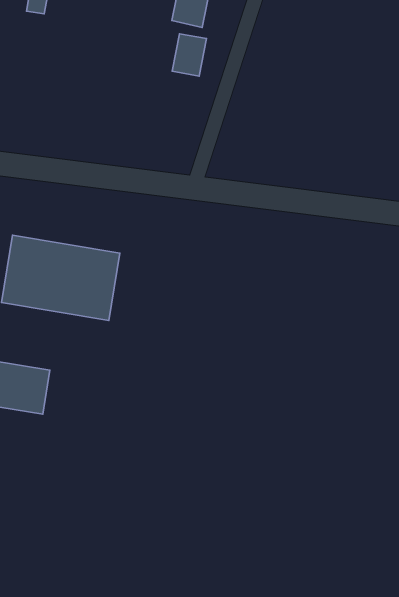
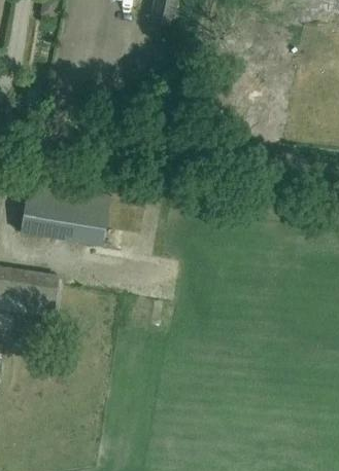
building: [172,34,207,76] -> none

